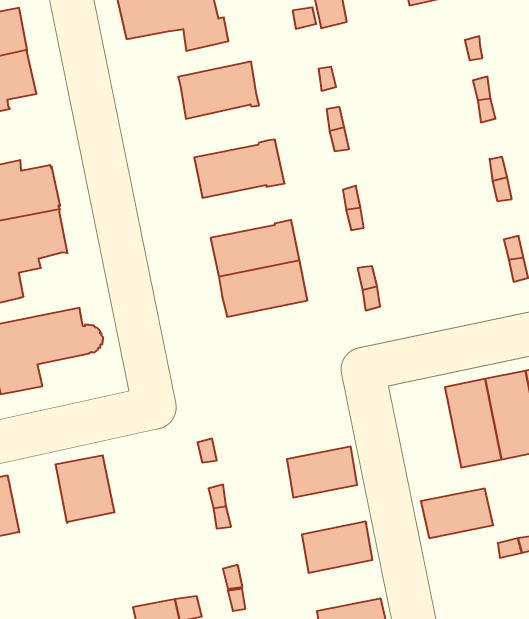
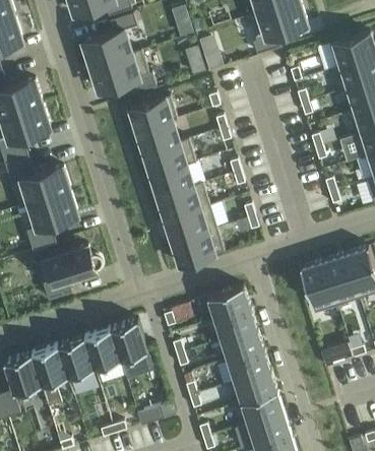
building: none -> [136,120,179,153]
building: none -> [150,165,193,198]
building: none -> [172,228,224,265]
building: none -> [207,286,250,319]
building: none -> [110,320,151,375]
building: none -> [57,336,96,382]
building: [421,489,493,538] -> [221,329,263,361]
building: none -> [234,371,276,403]

